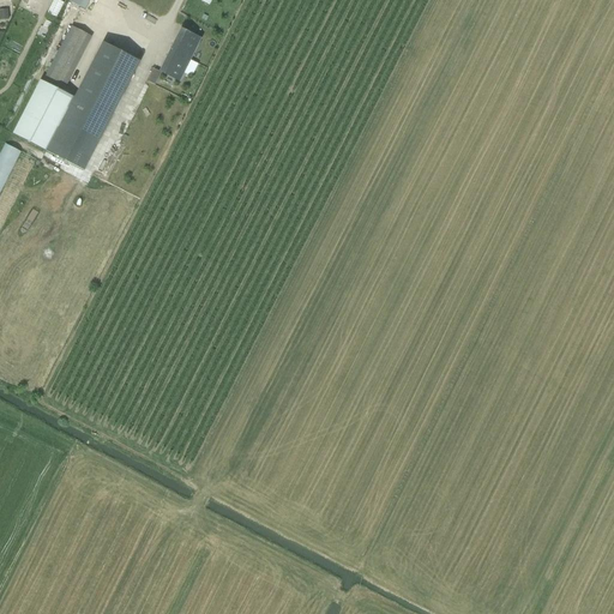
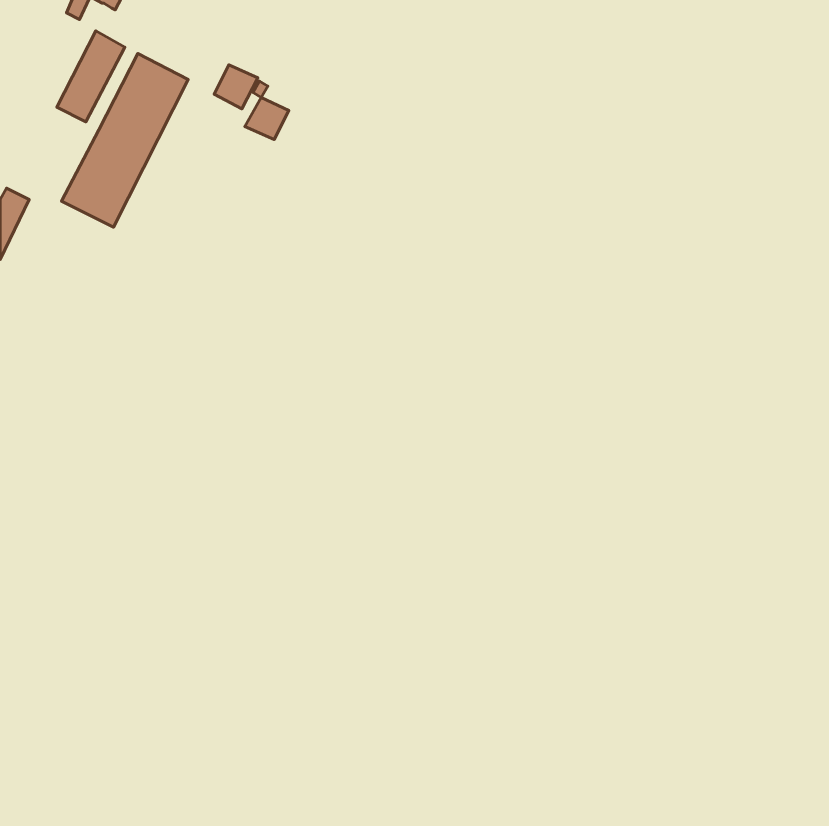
building: [169,26,201,58] -> [245,97,289,140]
building: [12,78,73,149] -> none

